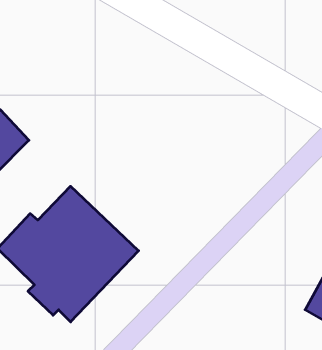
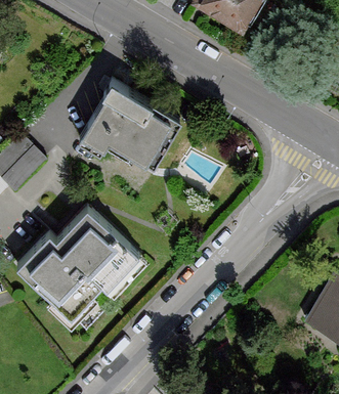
building: none -> [79,81,181,167]

